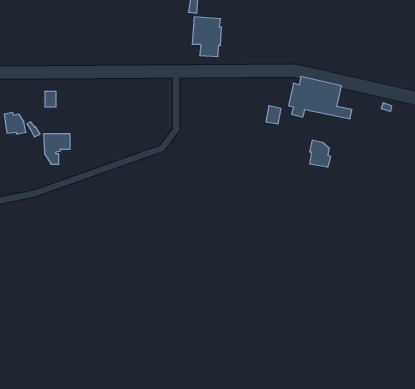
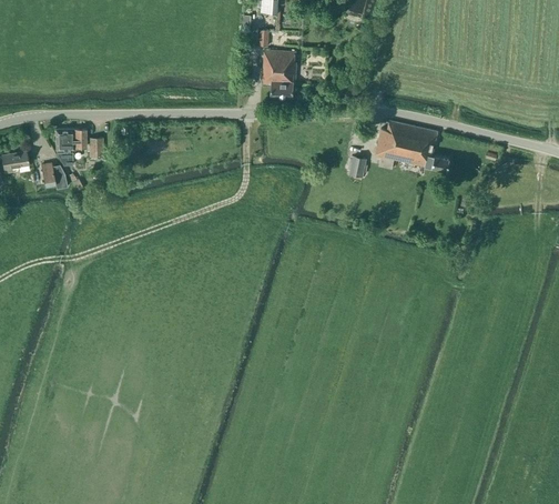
building: [44,134,70,164] -> [54,129,85,164]
building: [310,140,330,167] -> none

